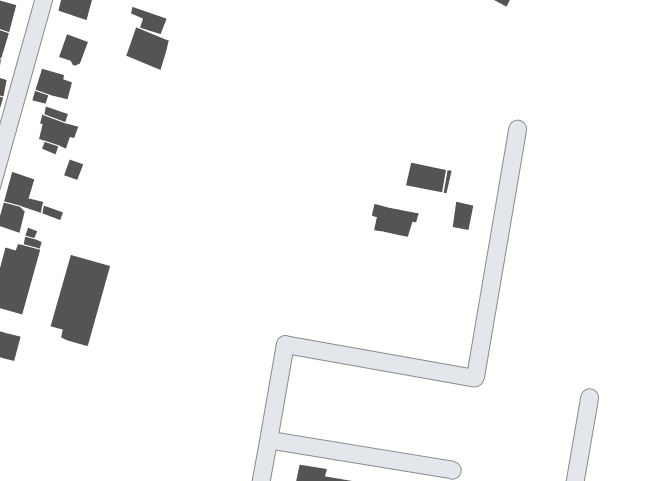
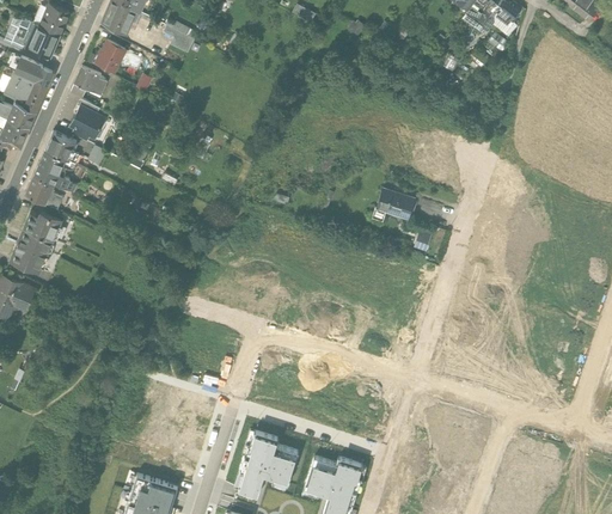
building: [126,27,170,71] -> none
building: none -> [45,133,79,165]
building: [371,203,420,238] -> none
building: [50,254,111,347] -> none

